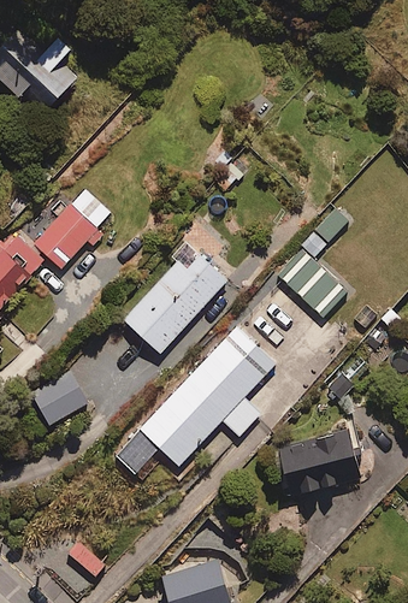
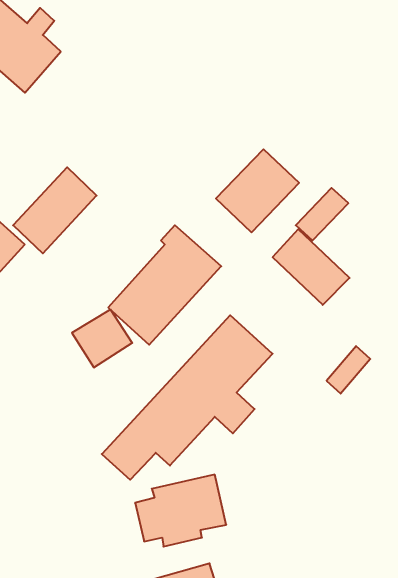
building: none -> [216,149,299,232]
building: [30,372,87,426] -> [72,310,132,367]
building: [274,430,360,497] -> [135,475,226,547]

